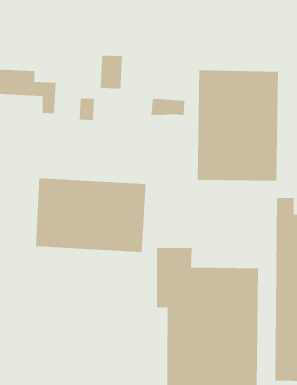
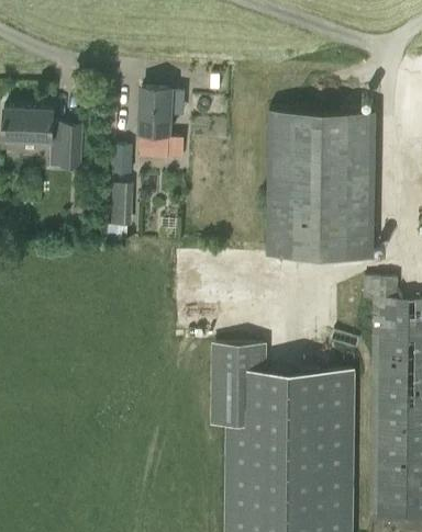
building: [150,98,185,115] -> [136,138,182,161]
building: none -> [111,183,132,225]
building: [36,178,146,253] -> none

